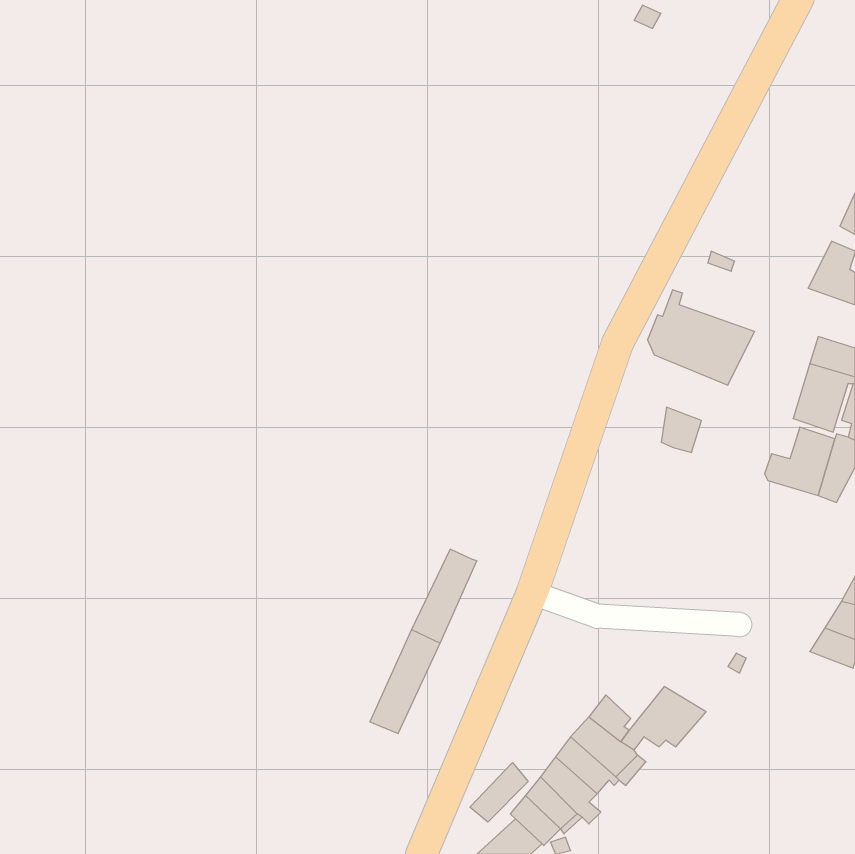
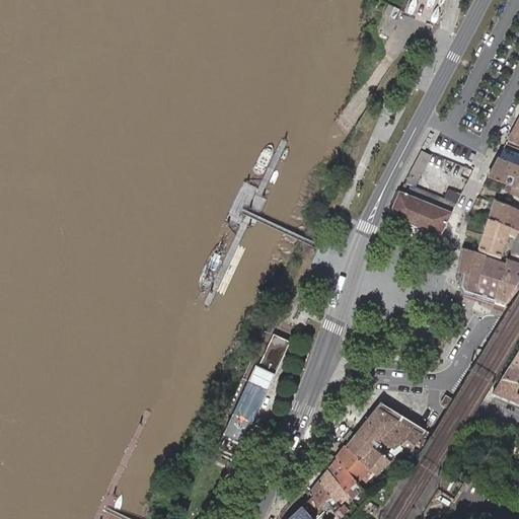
building: [661,407,701,452] -> [460,250,485,278]
building: none -> [367,402,402,442]
building: [470,763,528,822] -> none

